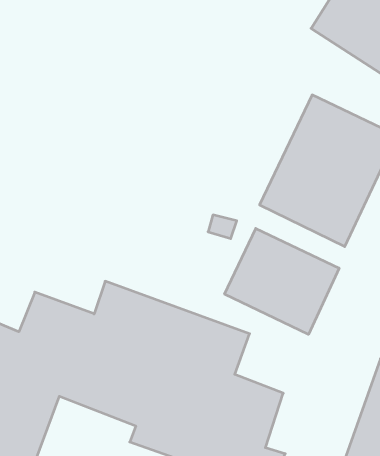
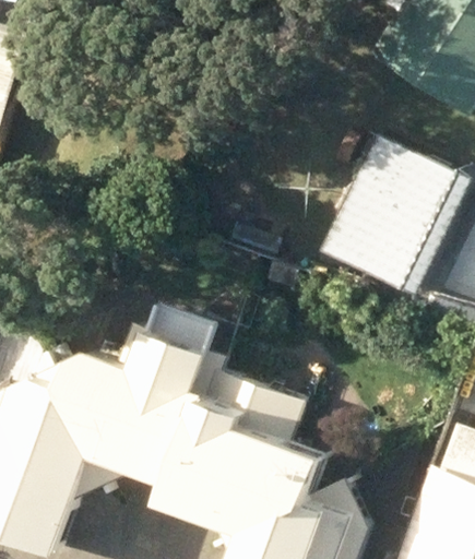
building: [225,228,339,334] -> none

